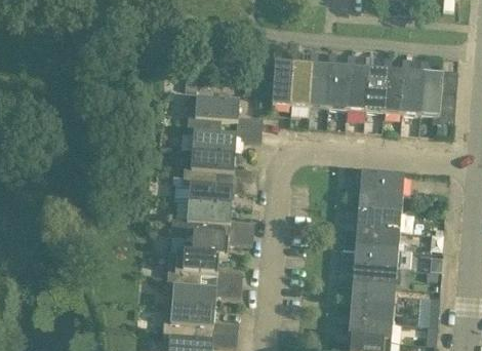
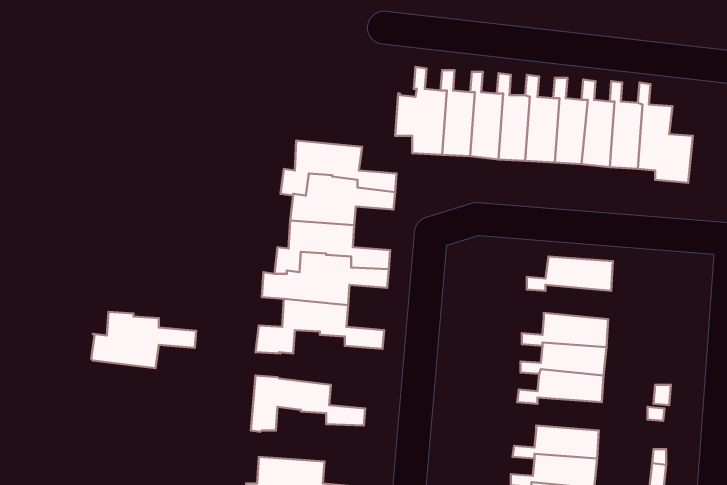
building: [345,190,402,212] -> none
building: [184,220,252,257] -> [91,312,196,368]
building: [339,264,396,285] -> none
building: [171,270,240,306] -> none

